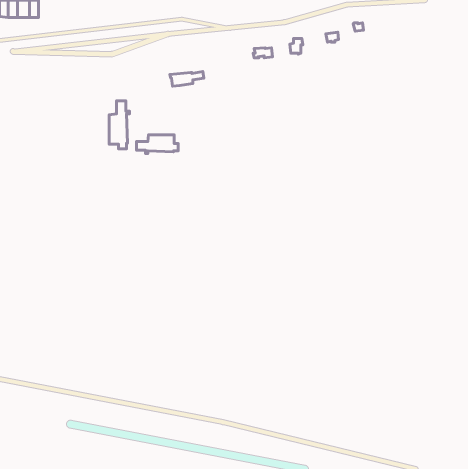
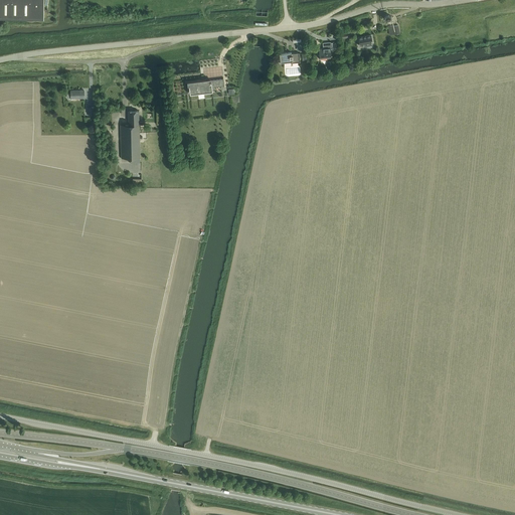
building: [137,135,178,153] -> none

